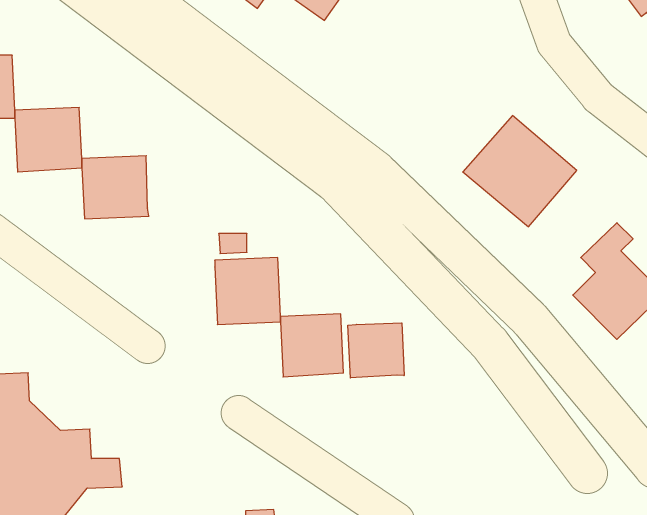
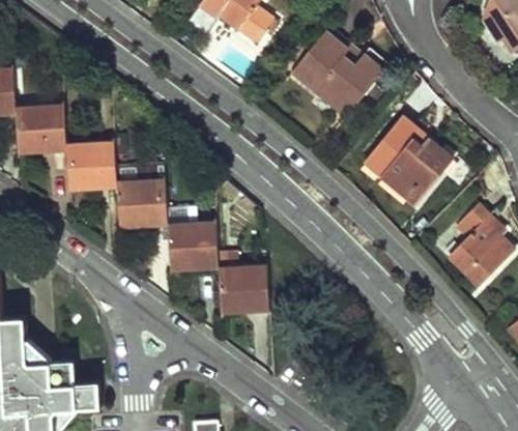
building: none -> [291,33,384,110]
building: none -> [119,182,171,232]
building: [348,323,404,378] -> none

